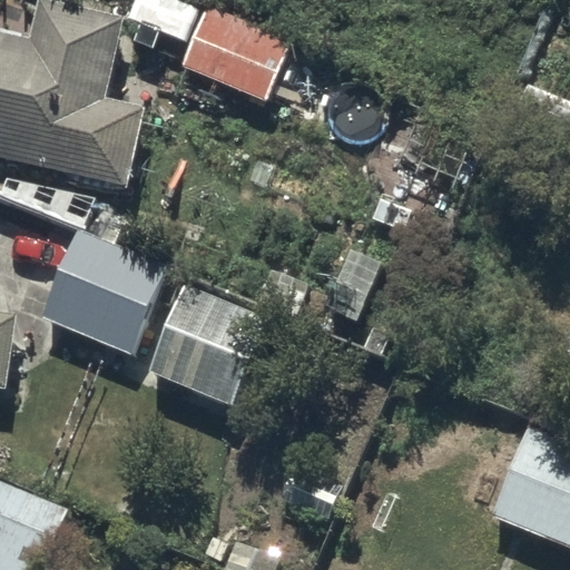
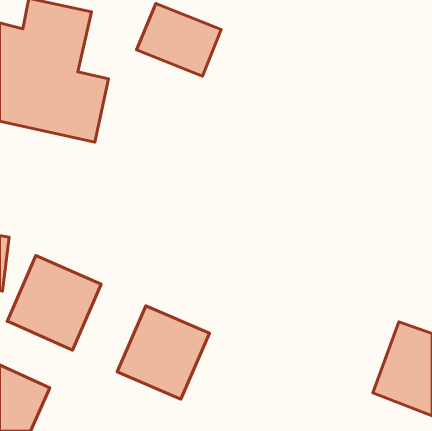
building: [41,229,165,354] -> [7,255,101,350]
building: [147,282,268,404] -> [117,306,210,399]

